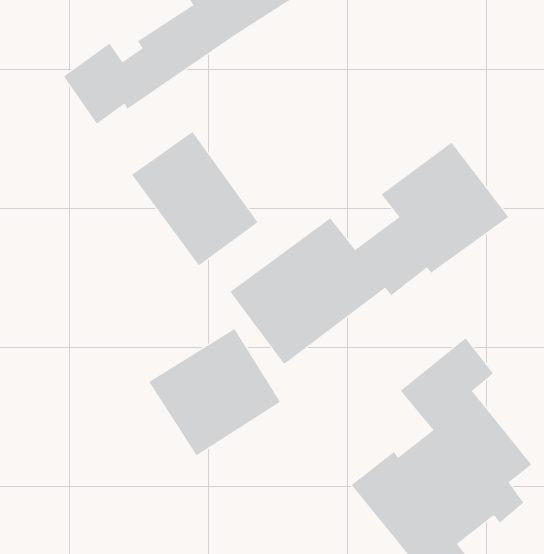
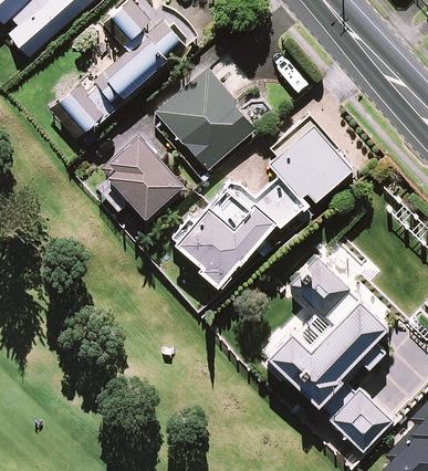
building: none -> [156,69,257,169]
building: [149,328,281,456] -> none

